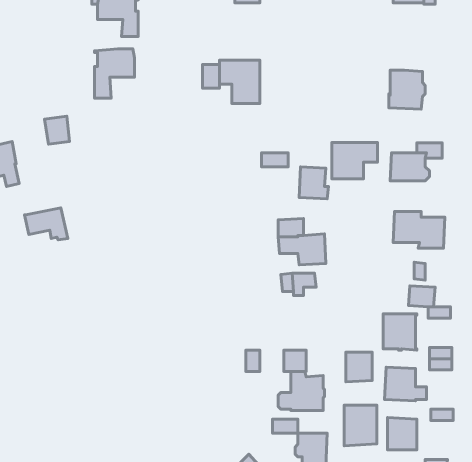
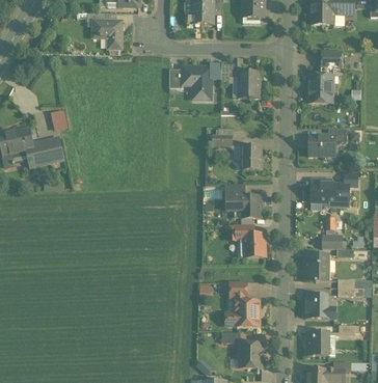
building: none -> [319,50,341,74]
building: [95,49,134,98] -> none
building: none -> [238,71,261,97]
building: [332,142,378,179] -> none
building: [24,208,68,240] -> [30,137,62,161]
building: [346,352,372,382] -> [244,234,264,255]
building: [344,405,377,446] -> none

